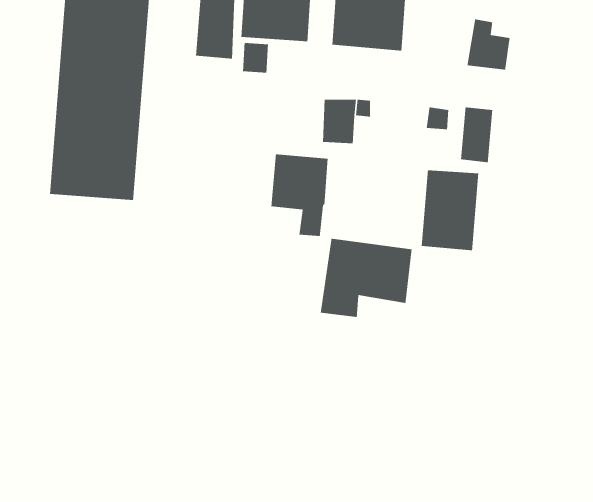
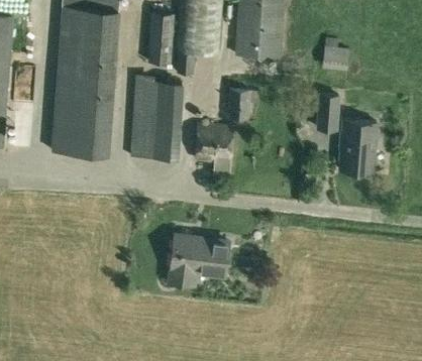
building: none -> [130,77,182,161]
building: [421,170,479,251] -> [339,120,377,172]
building: [320,238,413,318] -> [169,235,228,286]

